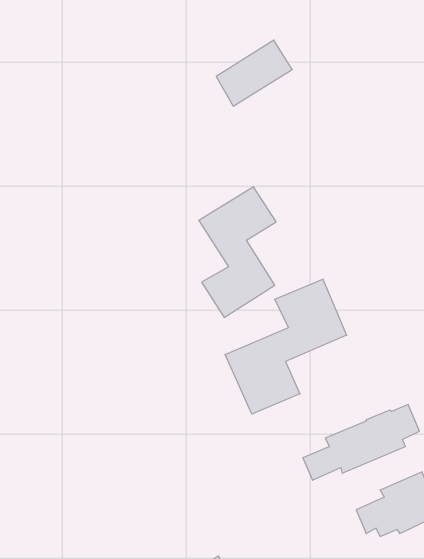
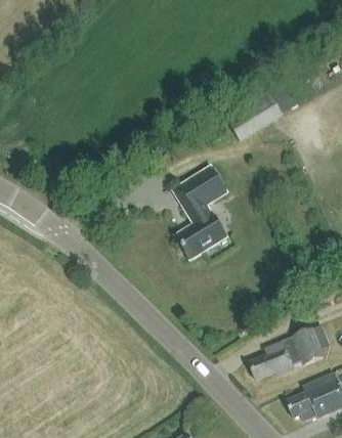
building: [216,40,292,106] -> [227,90,283,138]
building: [225,279,347,414] -> none

